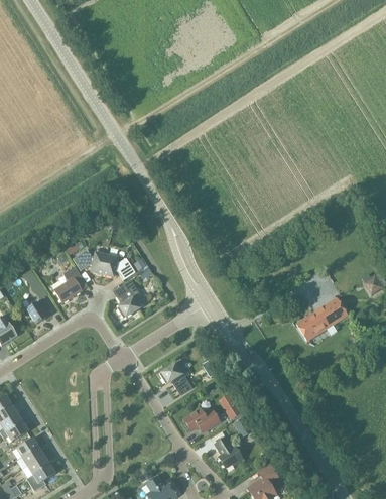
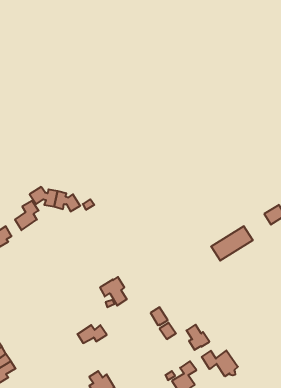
building: [117,280,143,318] -> none
building: [183,408,220,430] -> [77,325,107,343]
building: [215,436,243,468] -> [186,325,209,350]
building: none -> [202,350,238,376]

